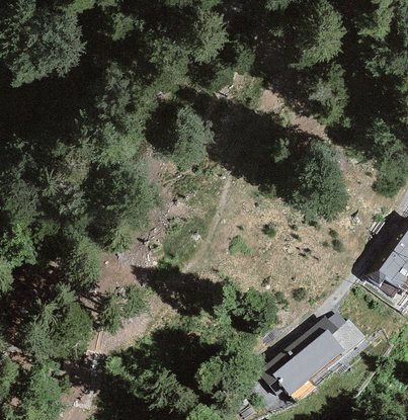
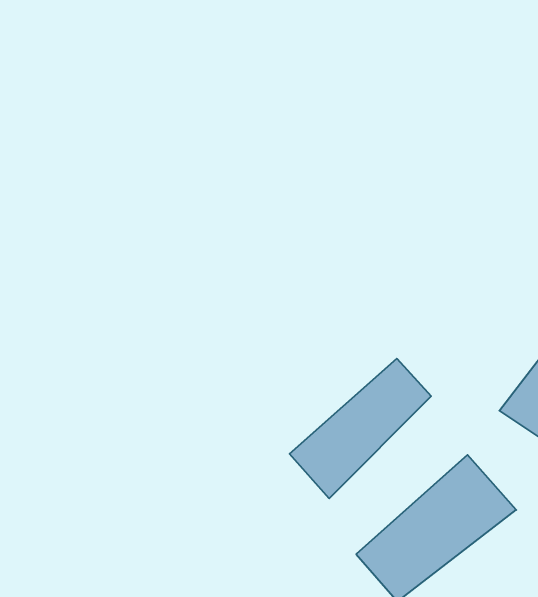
building: none -> [290,359,431,498]

